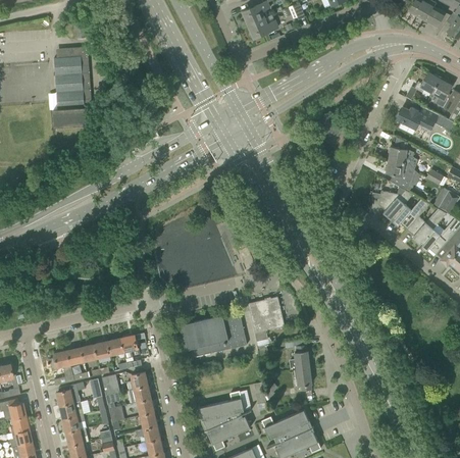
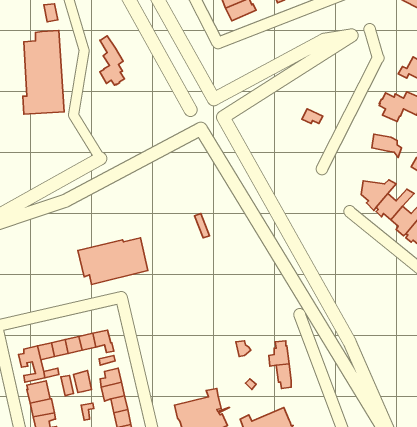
building: none -> [100,36,124,85]
building: [386,160,414,191] -> none
building: [248,297,285,334] -> none
building: [180,313,247,358] -> [78,238,148,284]

